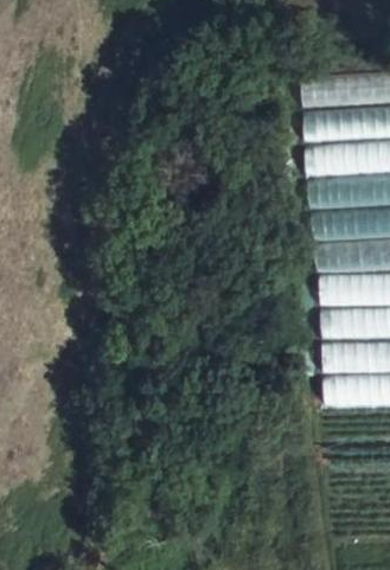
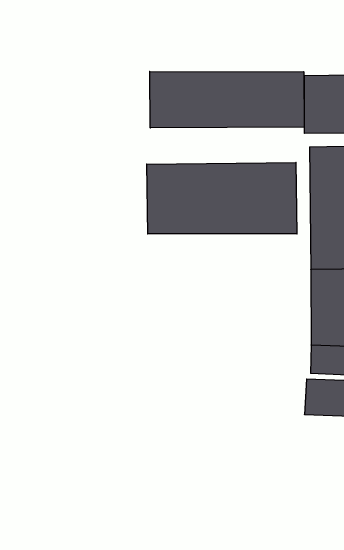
building: none -> [150,71,304,128]
building: none -> [147,162,297,234]

